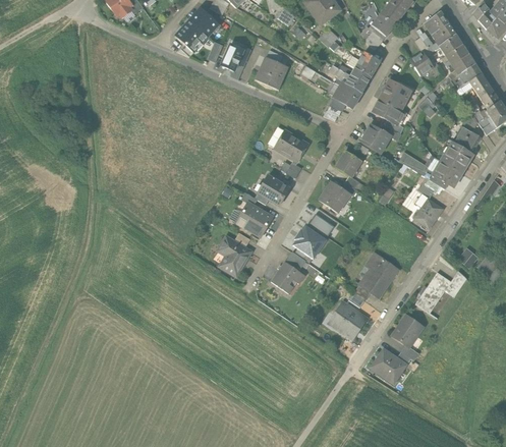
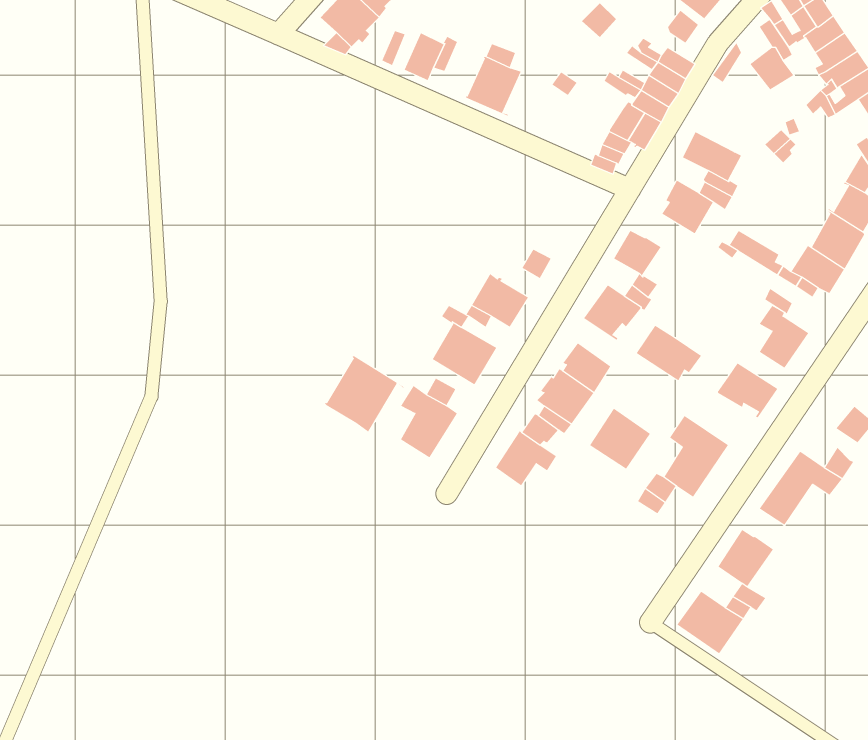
building: [380,80,410,109] -> none
building: [273,129,307,162] -> none
building: none -> [636,325,702,384]
building: none -> [323,355,405,432]
building: none -> [717,363,778,418]
building: [331,303,364,337] -> [589,408,651,469]

